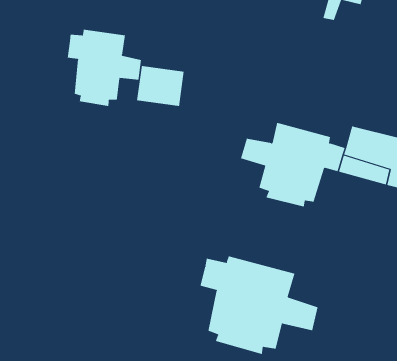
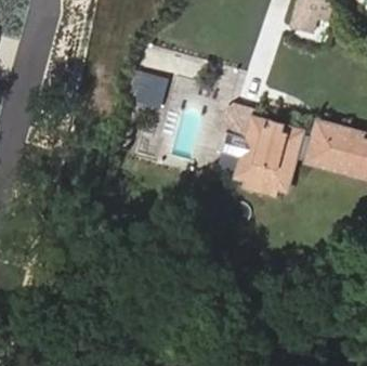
building: [67,29,141,107] -> none
building: [200,255,318,355] -> none

